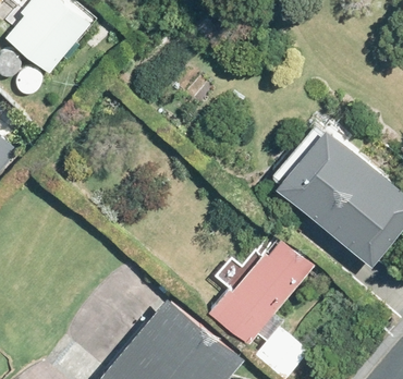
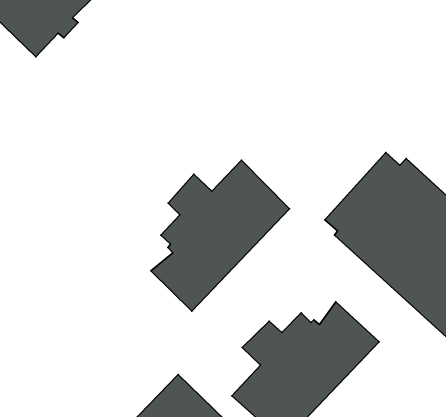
building: none -> [151,160,289,311]

